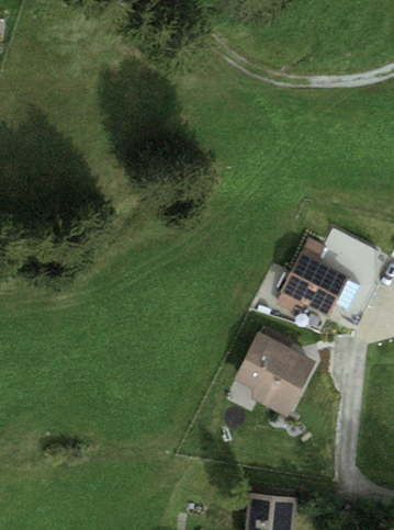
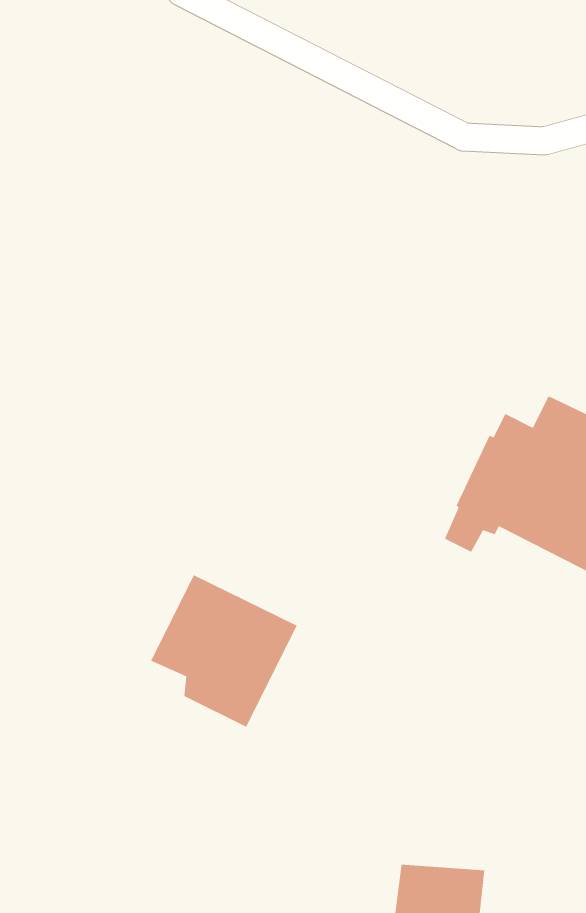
building: [234,329,316,415] -> [150,575,297,728]

